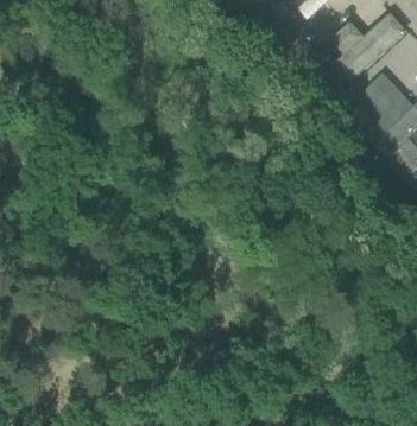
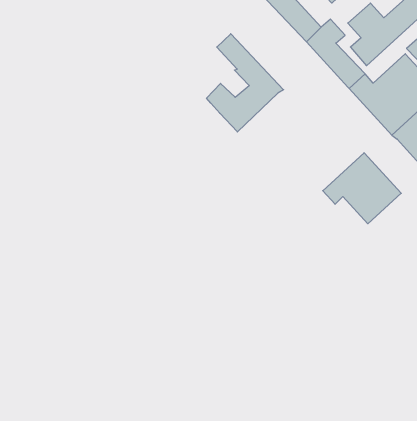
building: none -> [207,34,284,132]
building: none -> [323,153,401,224]

